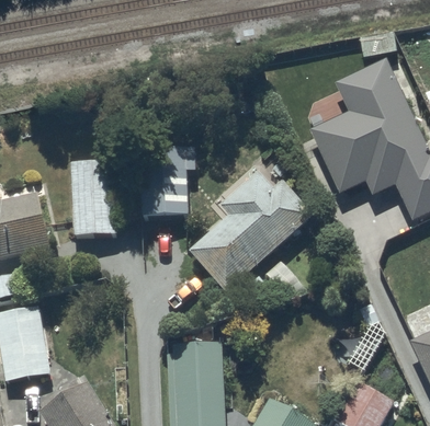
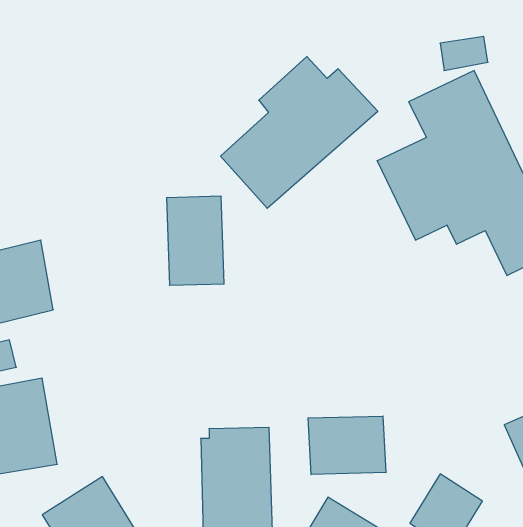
building: [70,160,114,235] -> none
building: [189,171,315,292] -> [221,57,378,208]
building: none -> [308,416,386,475]

